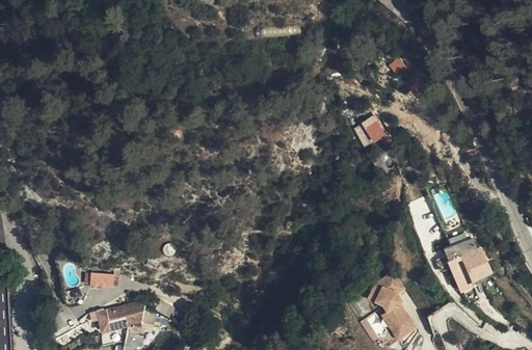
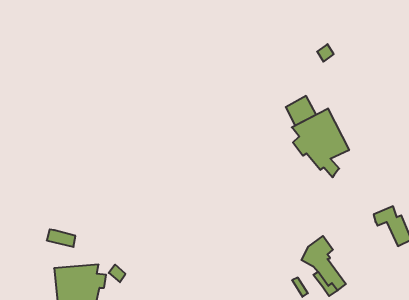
building: none -> [292,108,349,177]
building: [442,257,480,293] -> none

